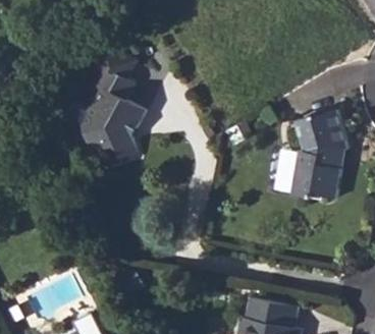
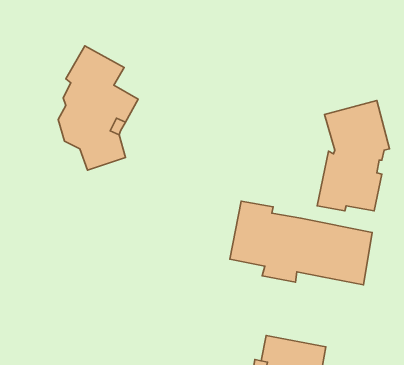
building: none -> [230,201,372,285]

